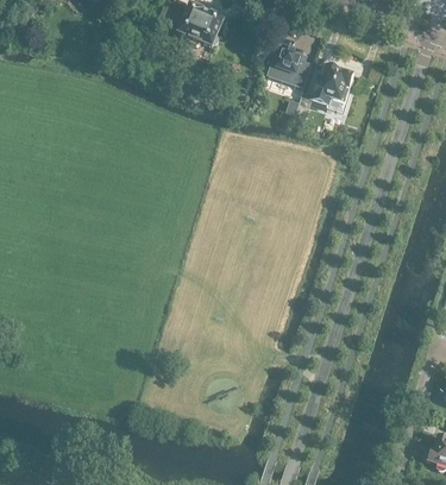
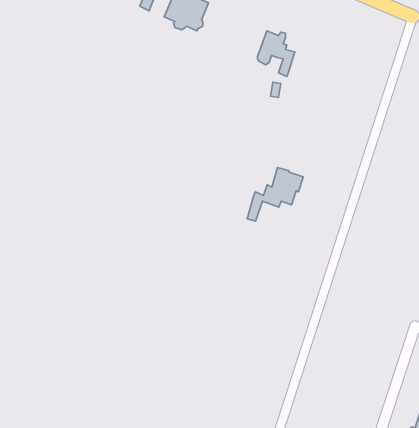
building: [296,64,353,119] -> [247,167,303,221]

